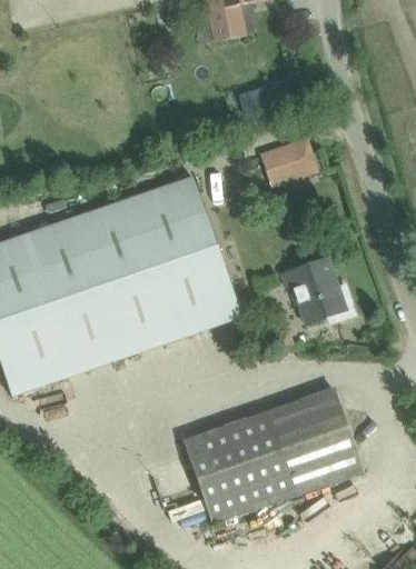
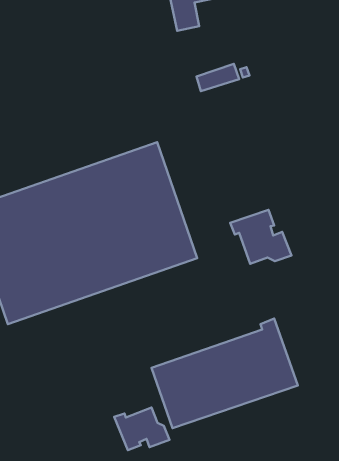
building: [261,139,317,182] -> none
building: none -> [114,407,170,450]

